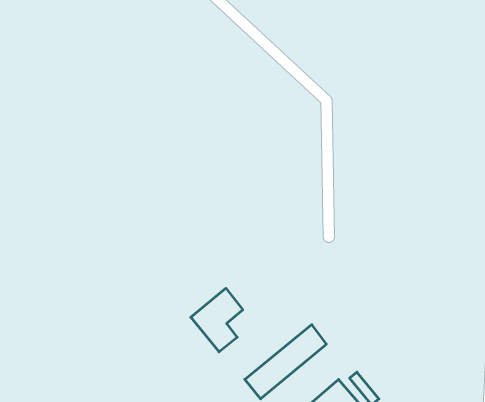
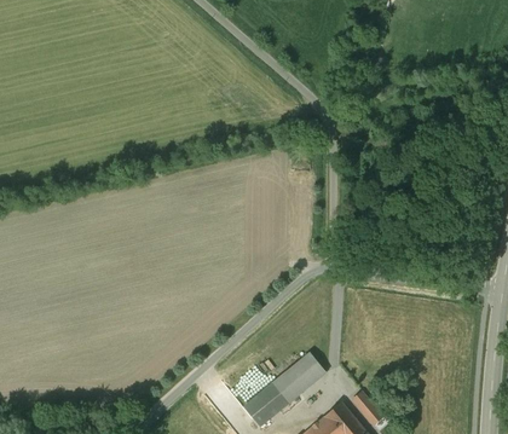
building: [191,288,243,352] -> none

